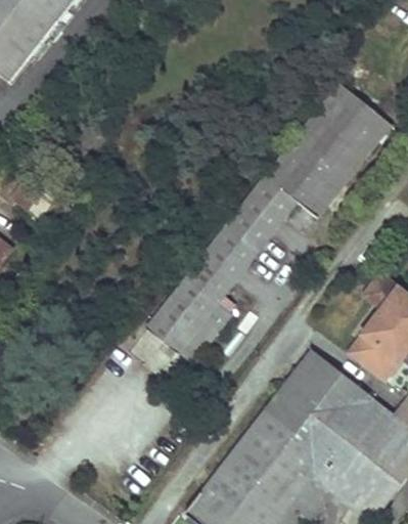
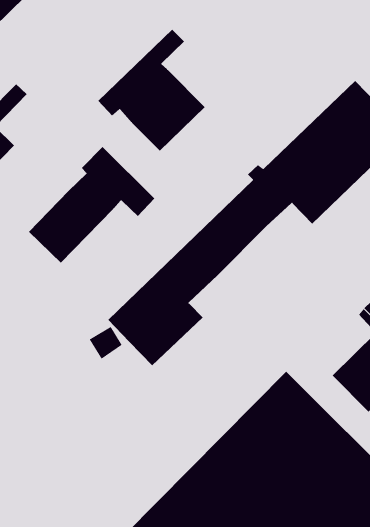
building: none -> [97,29,206,152]
building: none -> [28,146,155,264]

